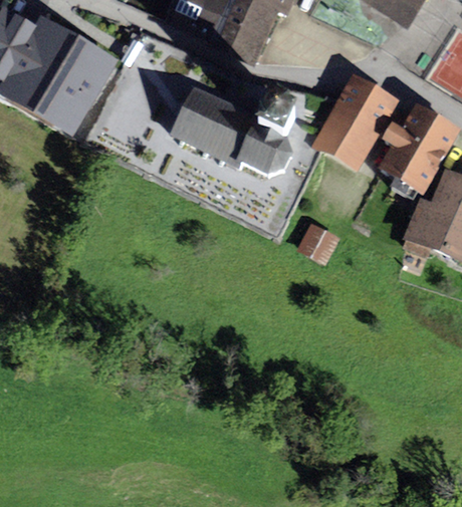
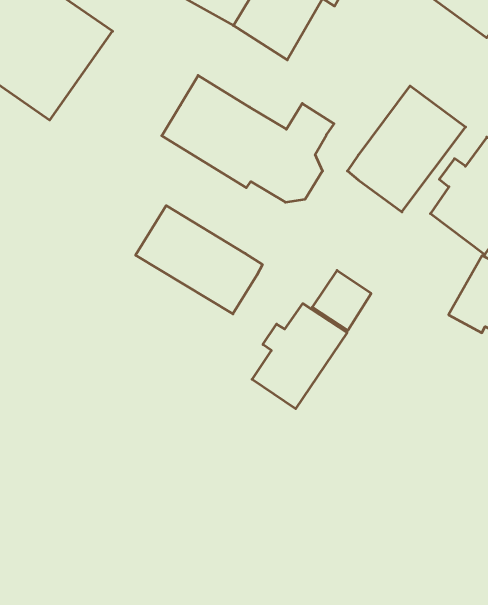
building: none -> [136,206,262,314]
building: none -> [252,304,347,409]

